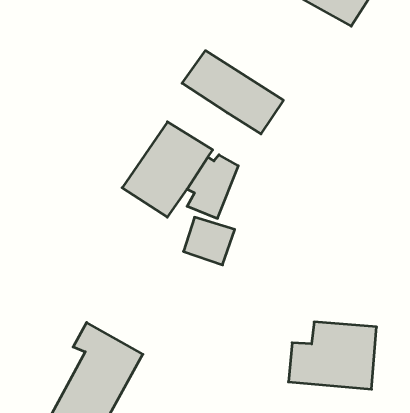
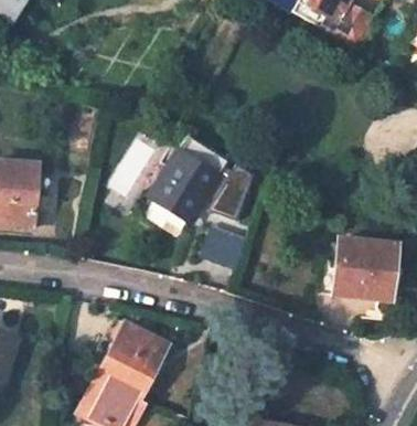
building: [182,51,283,134] -> none
building: [288,322,377,389] -> [317,237,396,298]

